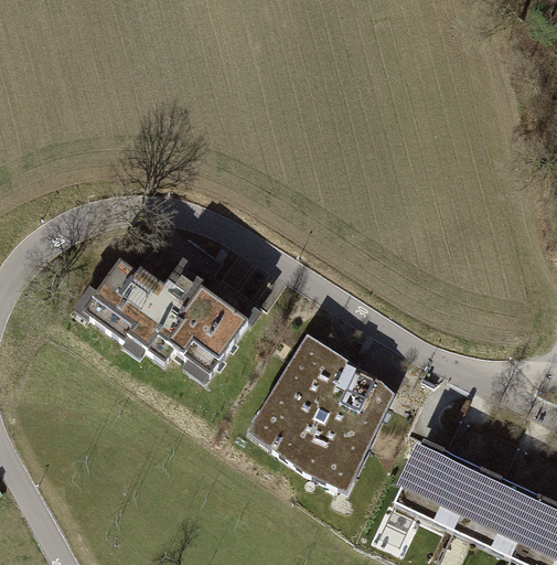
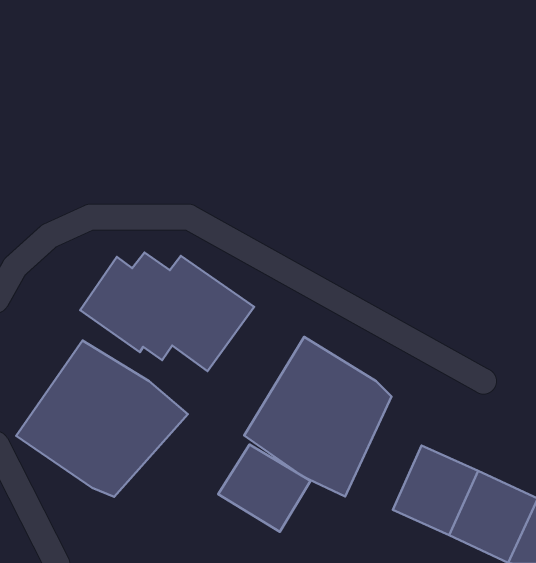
building: none -> [16,341,188,497]
building: none -> [218,444,310,532]

